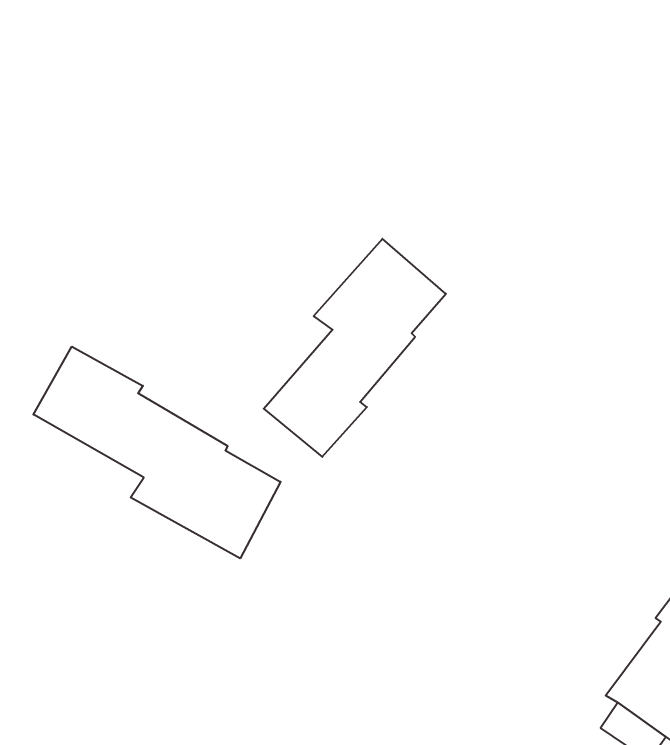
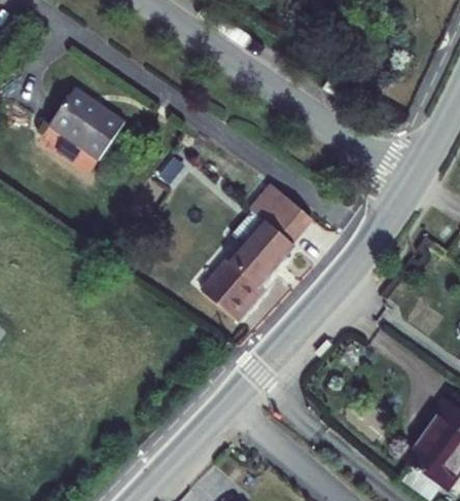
building: none -> [51,88,125,158]
building: [33,347,281,558] -> none

